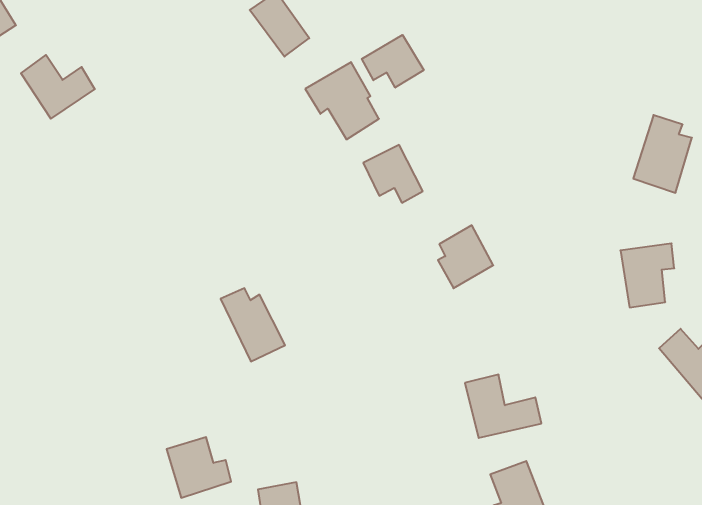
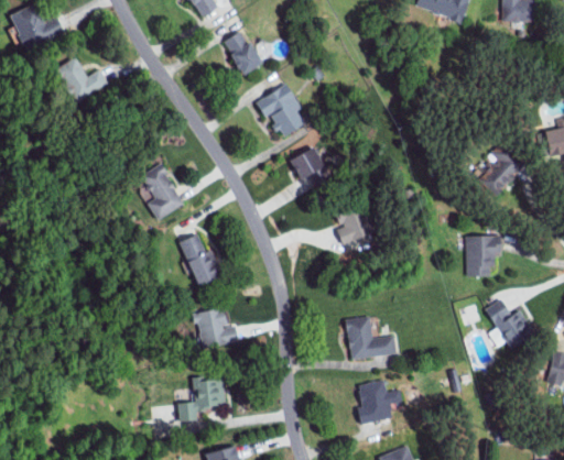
building: [362,35,424,88] -> none
building: none -> [141,163,185,220]
building: [167,437,231,498] -> [195,307,238,348]

